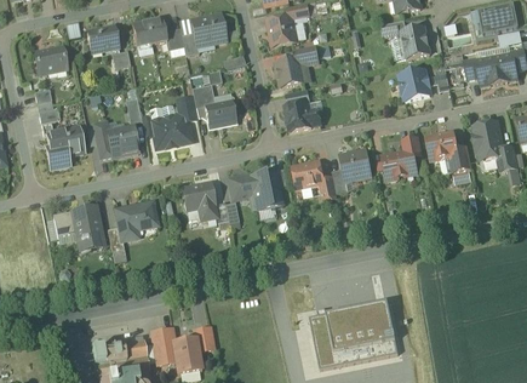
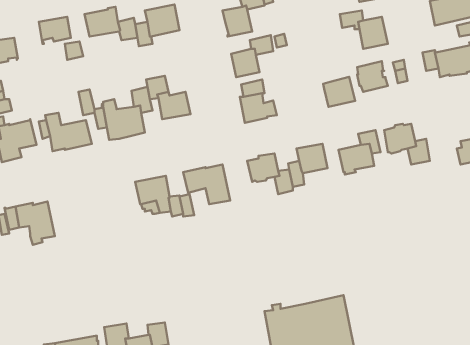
building: none -> [323,77,355,107]
building: [472,121,503,159] -> none
building: [116,201,157,240] -> none

